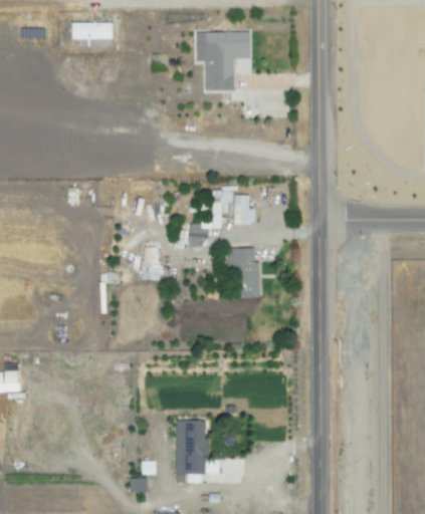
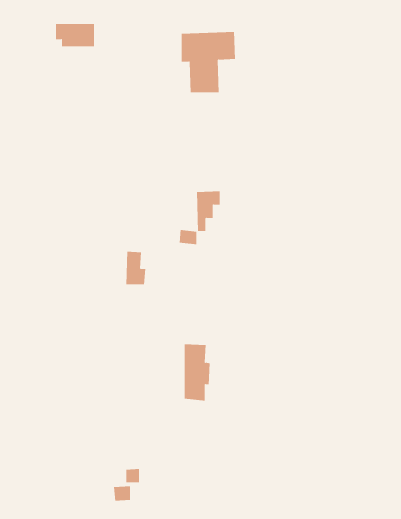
building: [237,194,253,225] -> none
building: [227,247,262,297] -> none
building: [186,419,212,475] -> [184,344,210,401]

